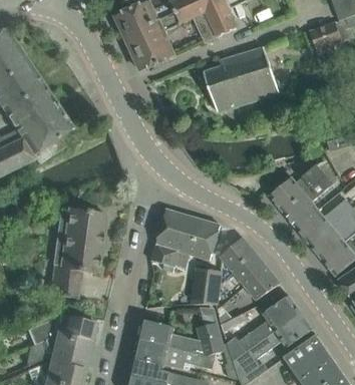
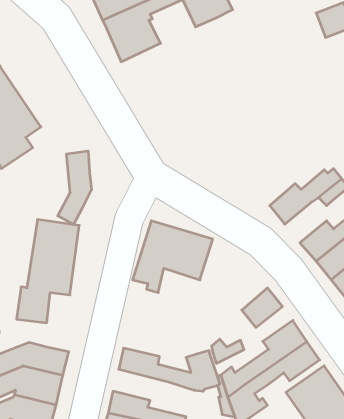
building: [204,46,278,112] -> none
building: none -> [58,151,92,225]
building: [282,194,318,229] -> none
building: [220,238,267,287] -> none
building: [192,268,222,305] -> none
building: [133,338,212,369] -> none

